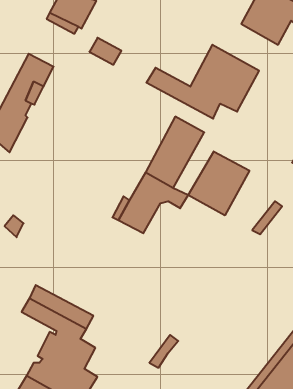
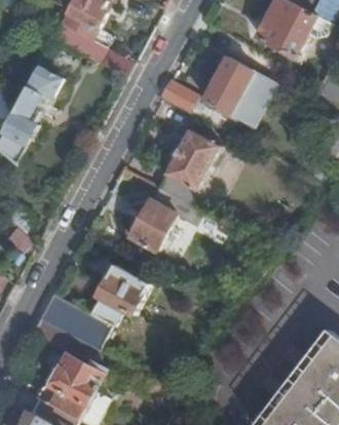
building: [188,151,249,215] -> none
building: none -> [90,263,150,323]

